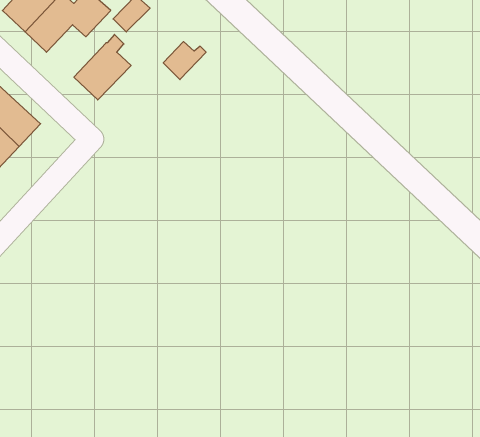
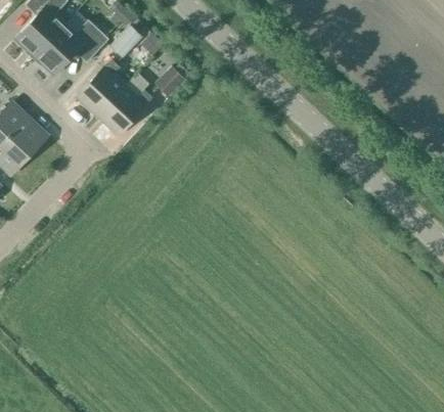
building: none -> [97,85,152,134]

